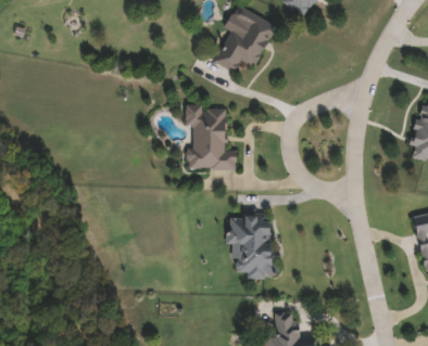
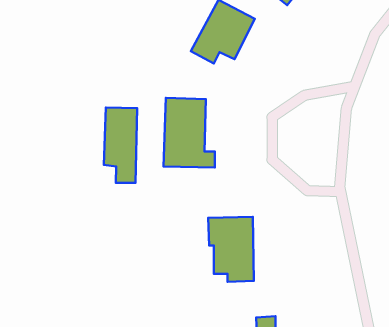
building: none -> [104,108,137,183]

